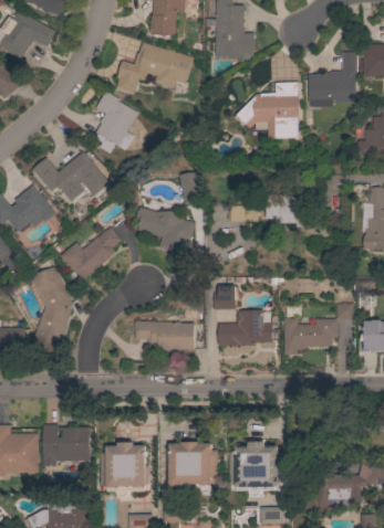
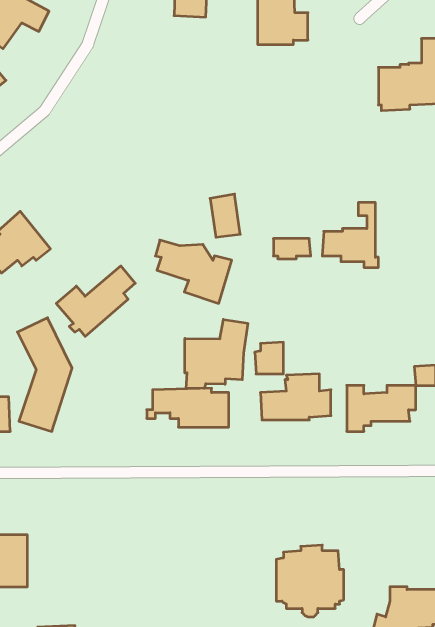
building: [116,42,193,93] -> none
building: [237,82,300,138] -> none
building: [95,91,138,152] -> none
building: [33,150,110,198] -> none
building: none -> [185,319,248,389]
building: [43,424,90,465] -> none
building: [167,441,218,493] -> none
building: [101,442,149,497] -> none

